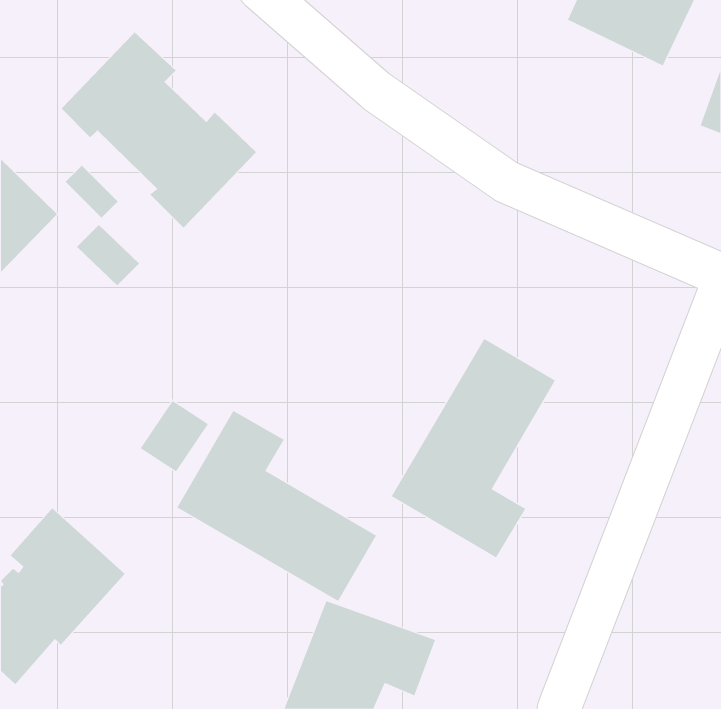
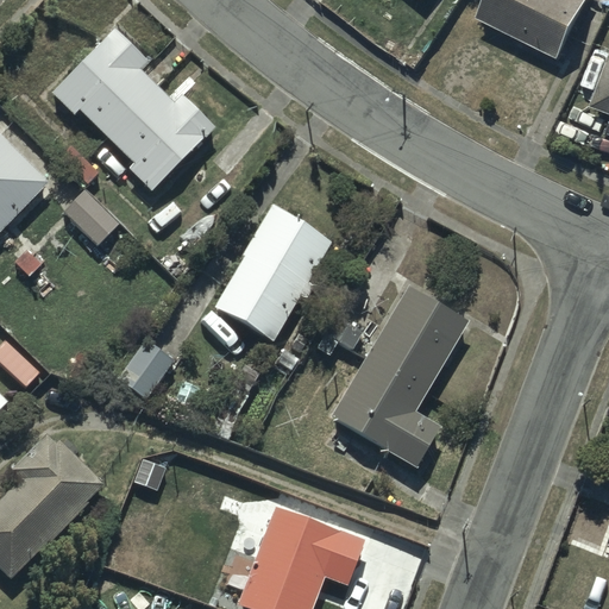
building: none -> [211,203,332,343]
building: [176,410,377,602] -> none

